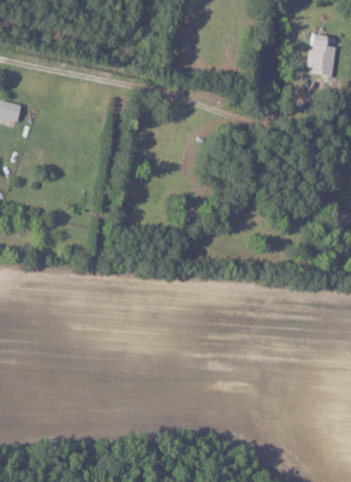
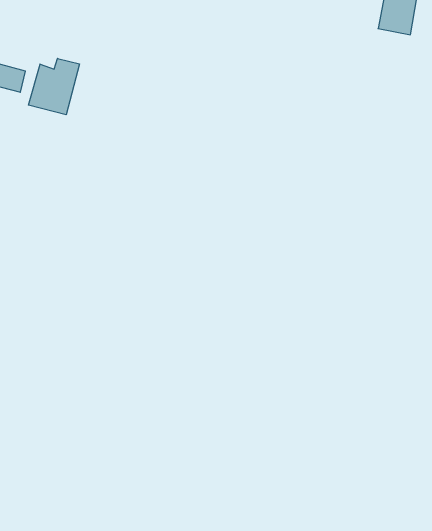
building: none -> [28,58,79,115]

